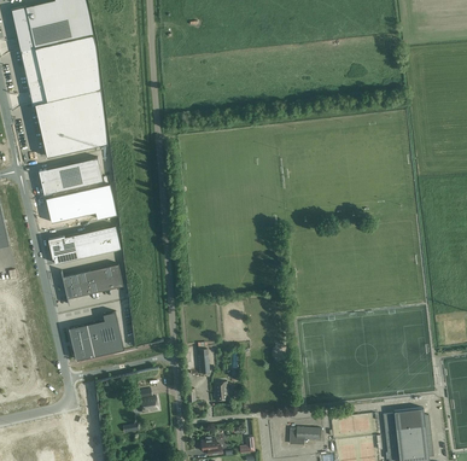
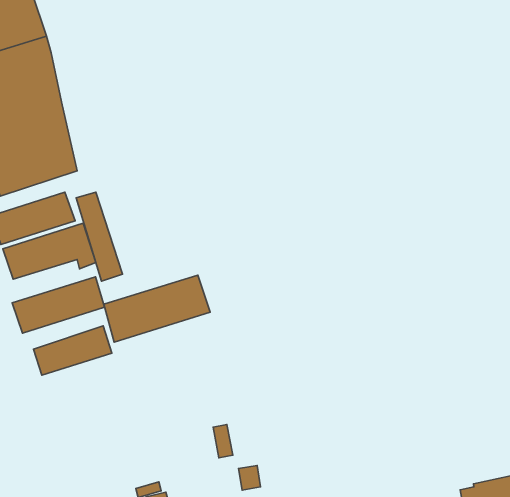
building: none -> [76,192,123,281]
building: none -> [104,275,210,342]
building: [69,311,123,361] -> none

